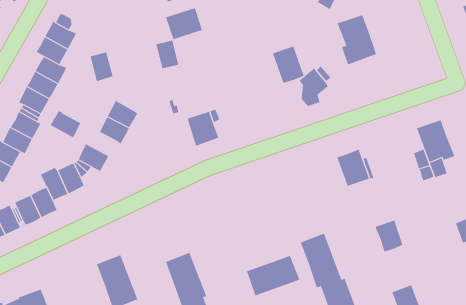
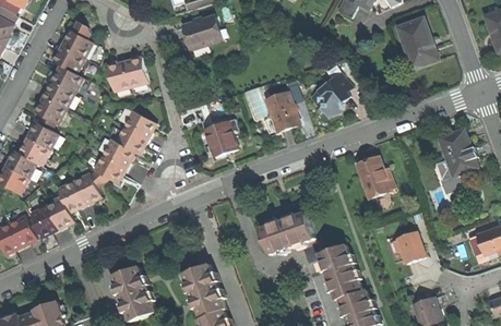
building: [337,14,377,65] -> [396,17,437,69]
building: [155,40,179,69] -> [123,56,147,85]
building: [272,46,304,84] -> [265,92,298,130]
building: [50,110,81,138] -> [102,137,133,166]
building: [246,255,300,296] -> [259,212,313,253]

